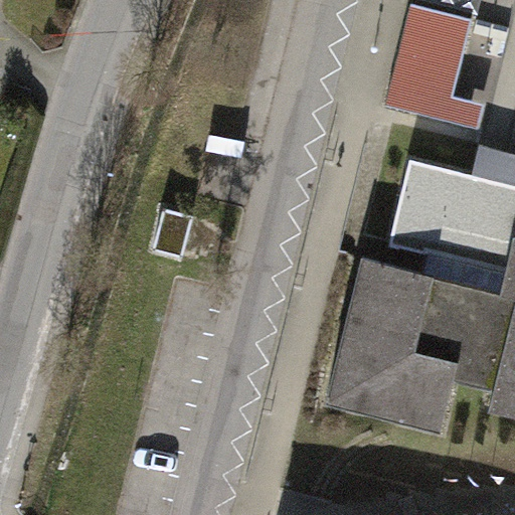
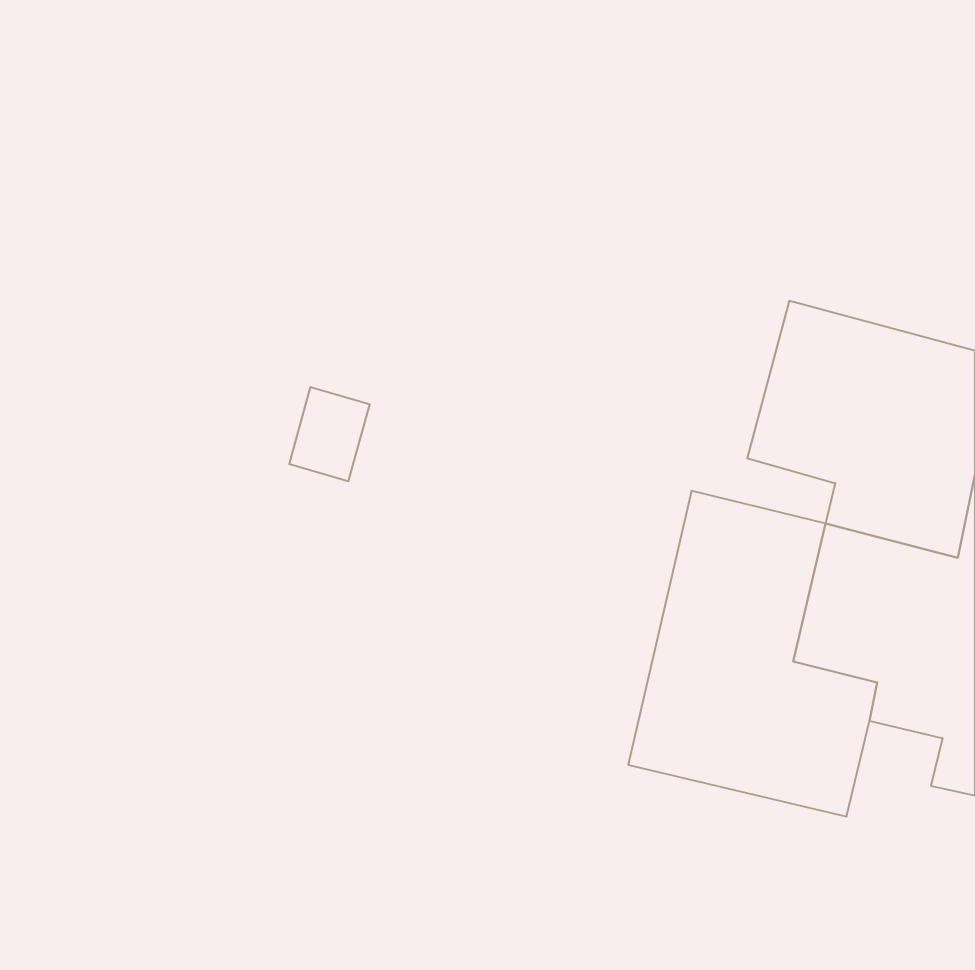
building: [383,7,481,127] -> none

